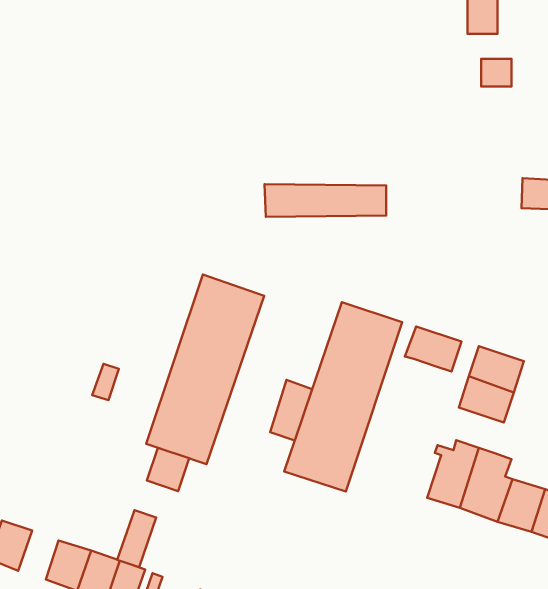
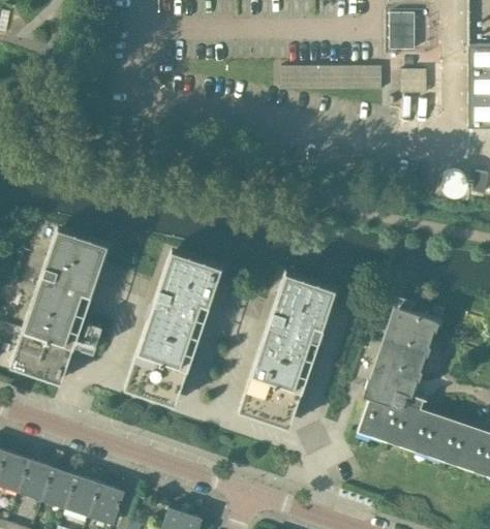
building: [265,184,386,217] -> [281,64,381,91]
building: none -> [12,232,106,382]
building: [405,326,461,371] -> [374,357,421,395]
building: [270,380,312,440] -> none
building: [147,448,189,491] -> none
building: [117,510,156,567] -> none
building: none -> [21,459,54,499]

